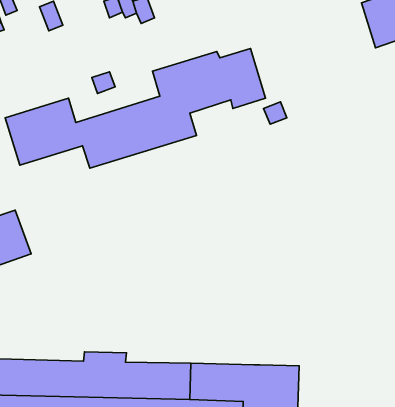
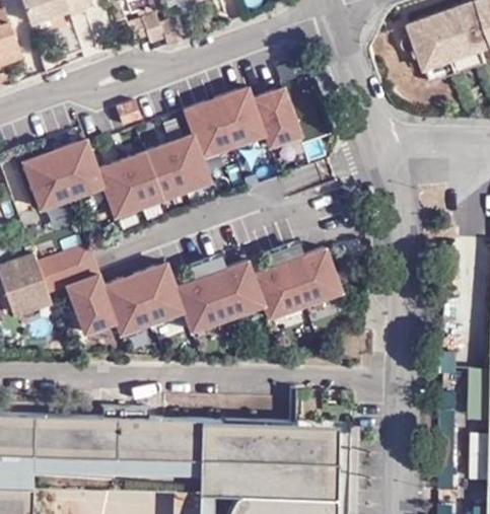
building: none -> [58,245,343,336]

